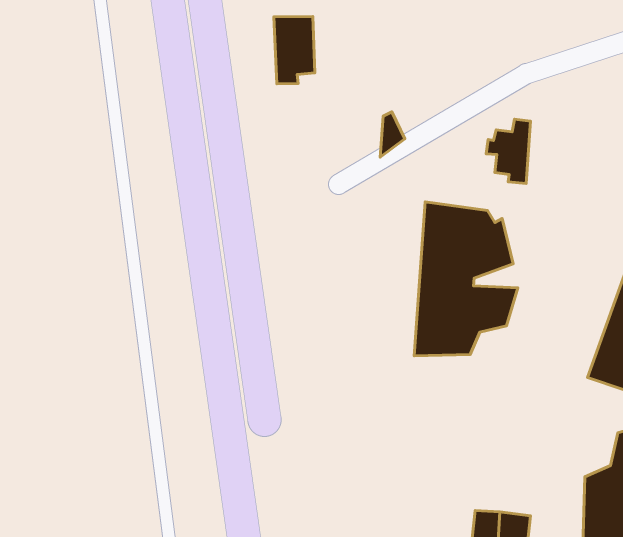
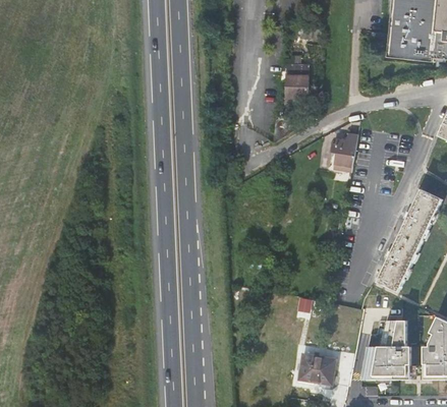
building: [274,16,315,84] -> [285,63,310,103]
building: [414,202,518,356] -> none

